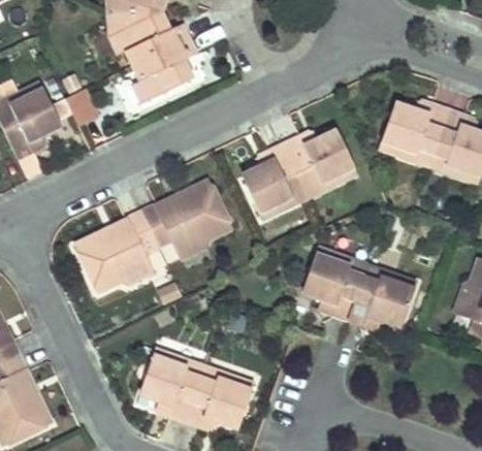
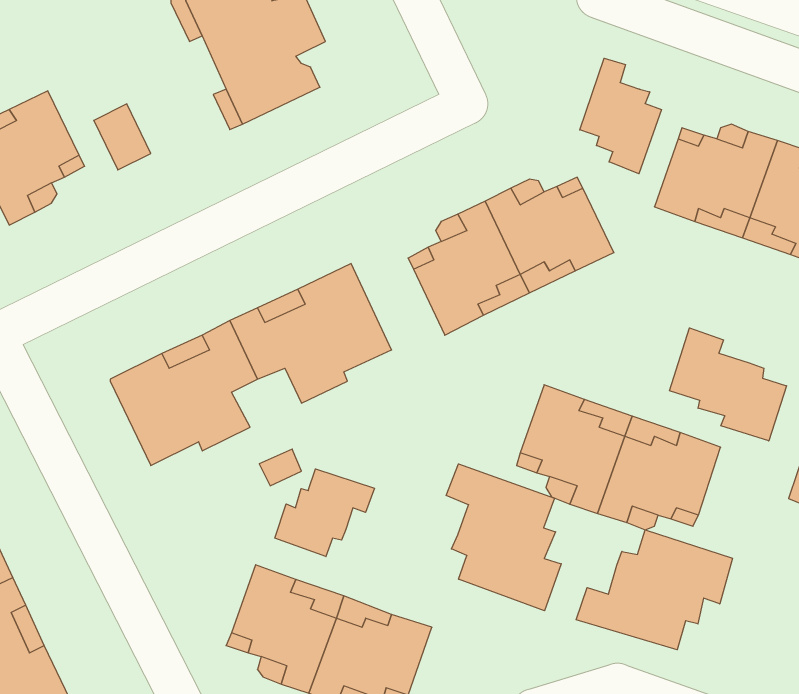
building: none -> [580,58,661,174]
building: none -> [670,328,787,441]
building: none -> [446,464,561,611]
building: none -> [275,469,374,557]
building: none -> [576,530,733,650]

